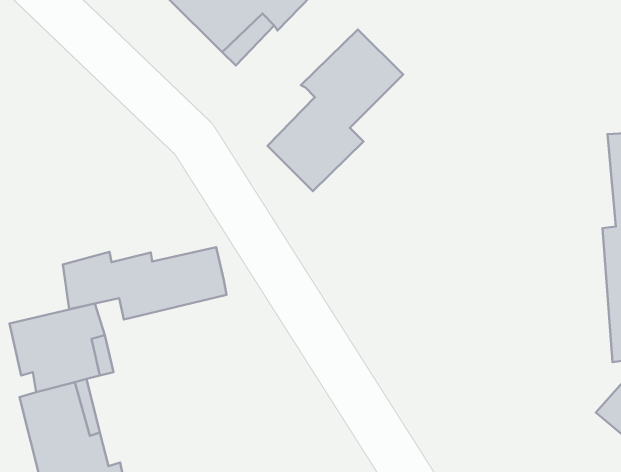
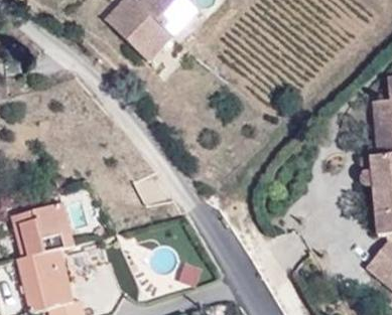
building: [268,29,403,191] -> none
building: [63,247,226,320] -> none

